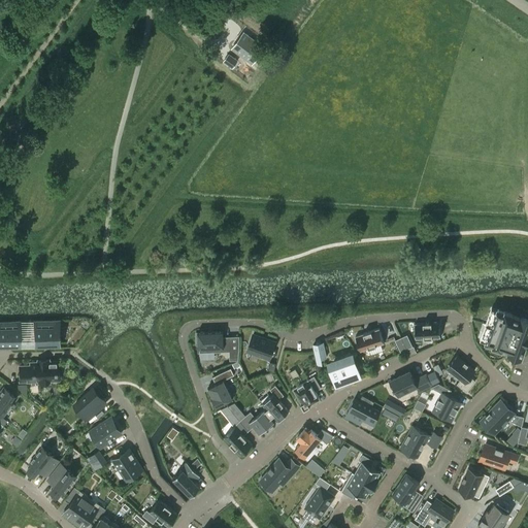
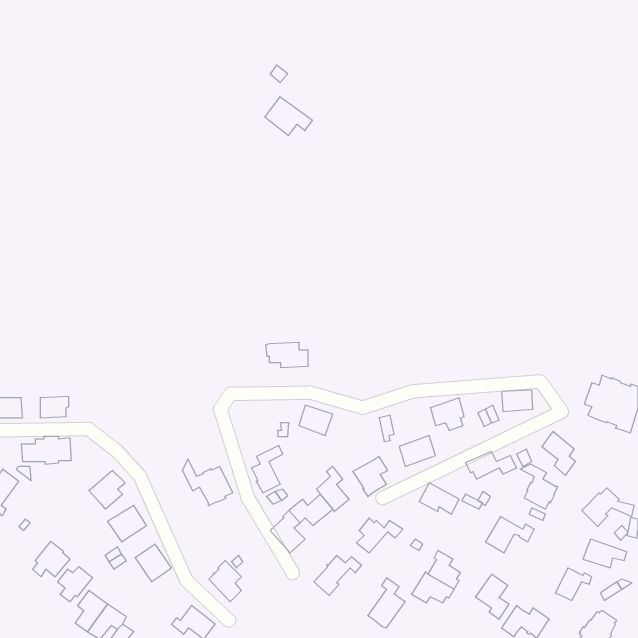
building: [231,33,270,65] -> [265,97,312,136]
building: [194,332,229,353] -> [266,343,308,368]
building: none -> [183,459,233,506]

